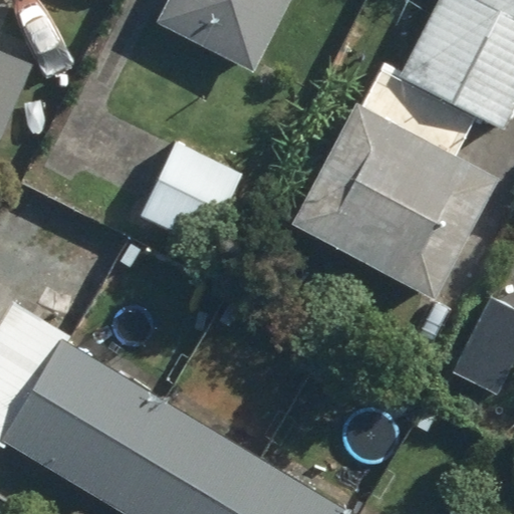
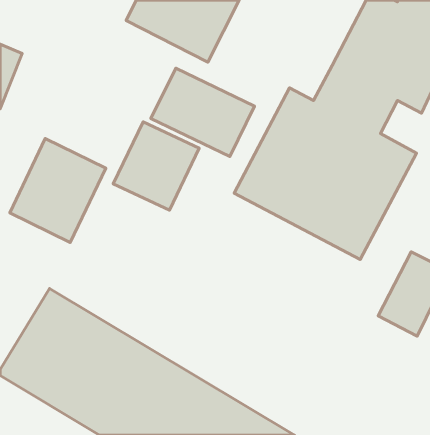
building: none -> [151,68,255,156]
building: none -> [10,138,106,242]

